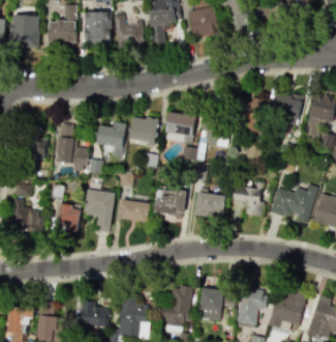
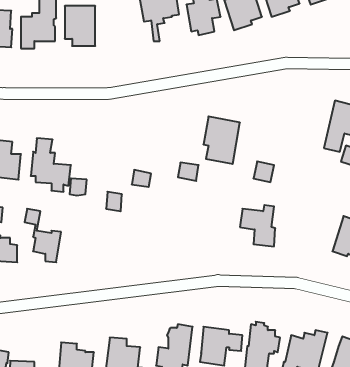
building: [115,15,144,45] -> none
building: [271,93,303,125] -> none
building: [246,96,268,134] -> none
building: [163,112,195,144] -> none
building: [130,116,159,143] -> none
building: [97,121,126,156] -> none
building: [270,184,319,225] -> none
building: [85,188,117,228] -> none
building: [154,190,187,219] -> none
building: [194,192,226,216] -> none
building: [119,199,150,224] -> none

